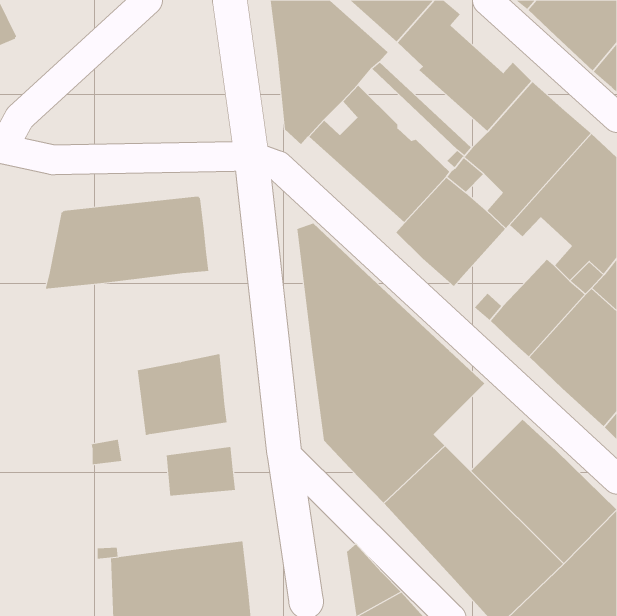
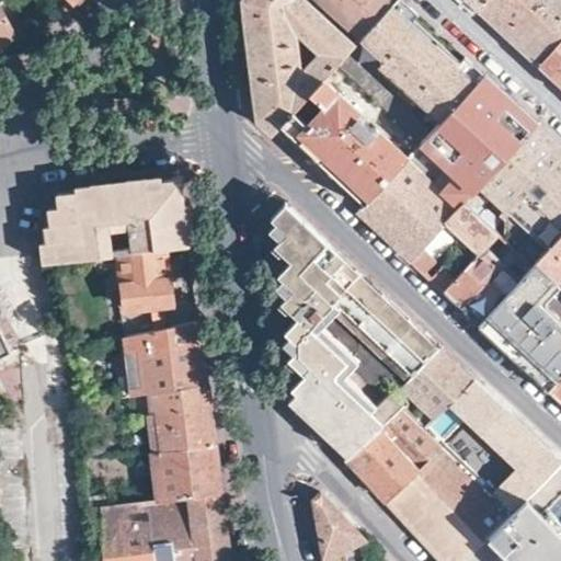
building: none -> [411,206,495,273]
building: none -> [94,250,178,337]
building: none -> [393,350,473,428]
building: none -> [136,385,209,415]
building: none -> [151,446,220,500]

